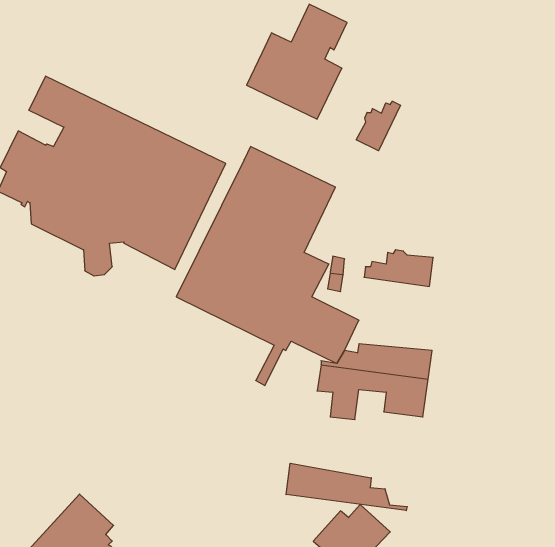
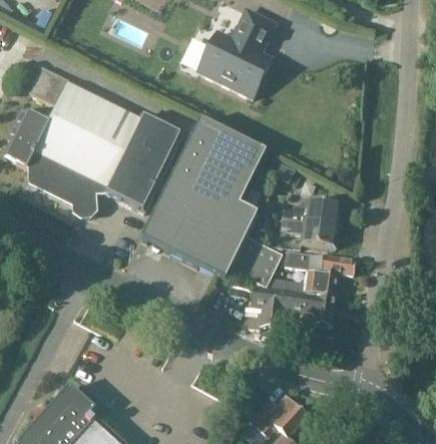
building: [356,101,401,151] -> none
building: none -> [286,218,337,248]
building: none -> [283,251,356,275]
building: [286,463,407,511] -> none

